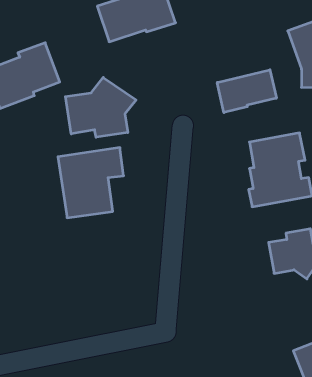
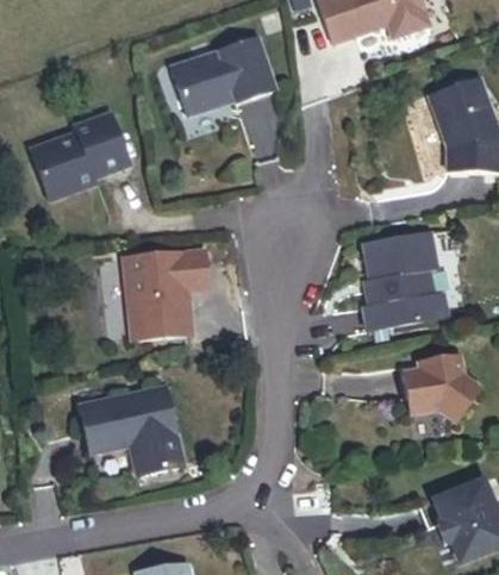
building: [217,70,276,113] -> none
building: [65,77,136,137] -> none
building: none -> [75,386,177,475]

